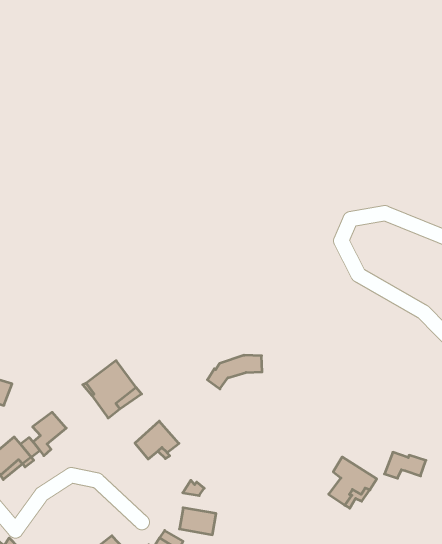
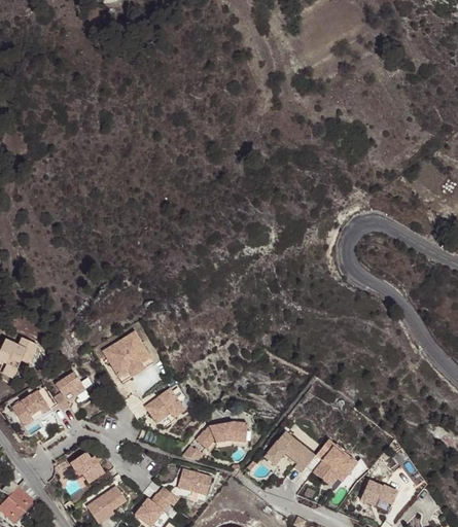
building: [207,355,262,389] -> [196,420,246,448]
building: none -> [263,428,313,469]
building: [384,452,426,478] -> [359,479,397,502]
building: none -> [70,454,105,484]

